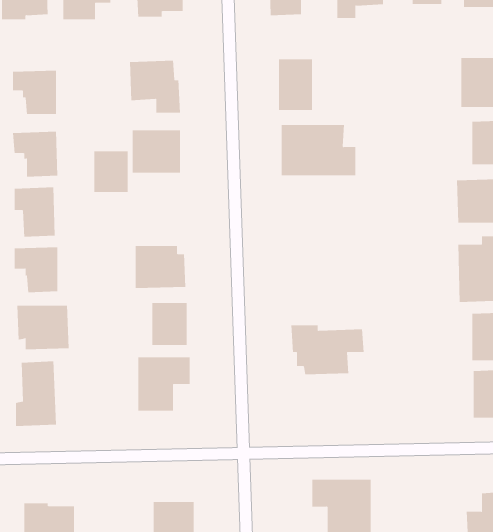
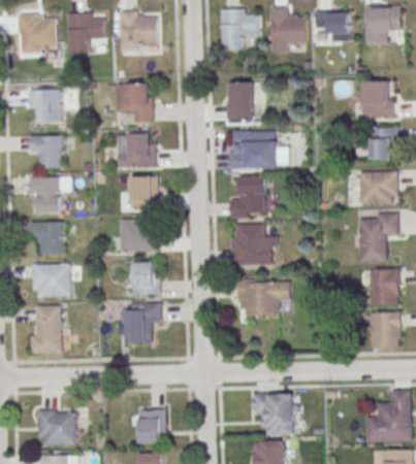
building: [94,151,128,192] -> [130,176,156,207]
building: none -> [229,175,263,217]
building: none -> [230,224,271,265]

